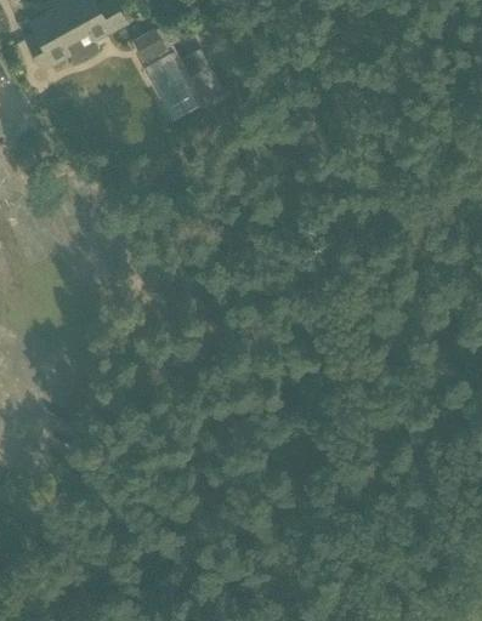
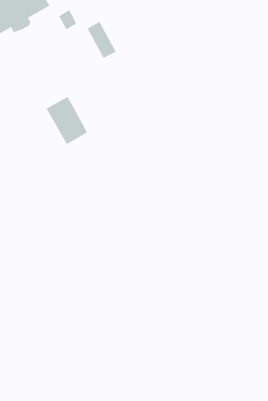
building: [136,45,198,116] -> [46,96,88,145]

